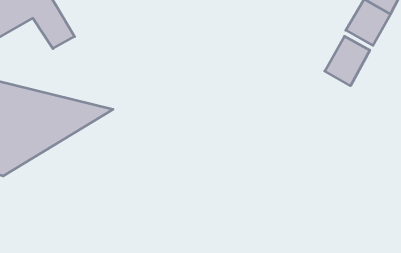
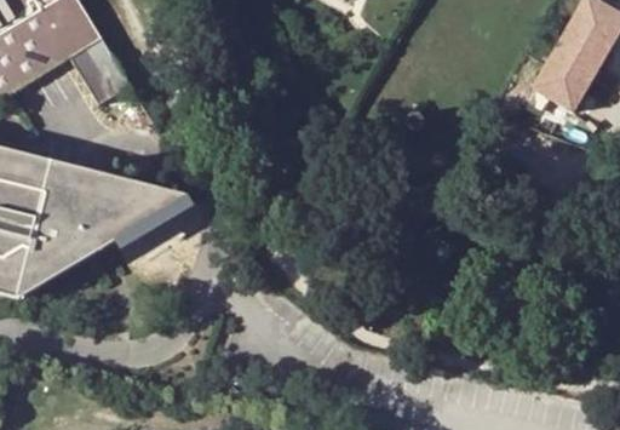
building: [325,36,370,86] -> none

